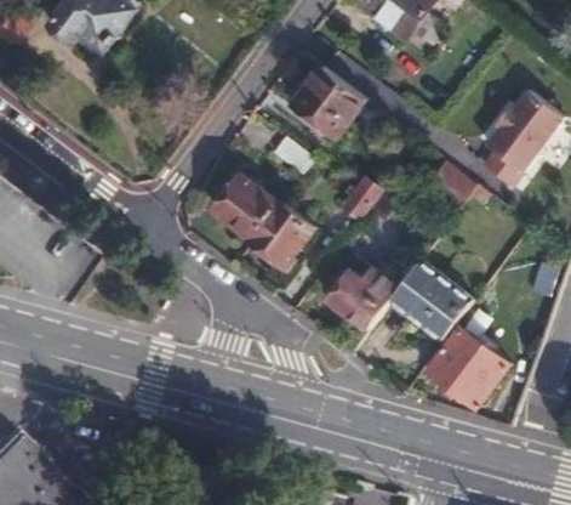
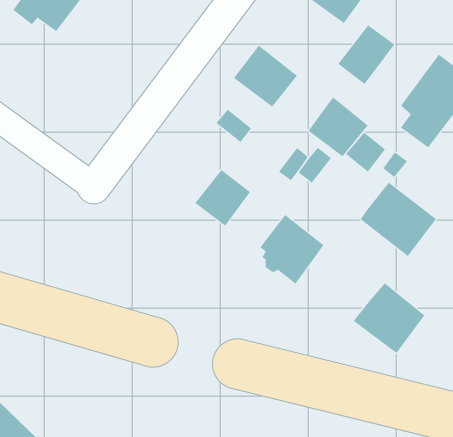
building: none -> [338,24,395,85]
building: none -> [308,97,368,157]
building: [215,176,280,240] -> none
building: [387,259,472,341] -> [360,182,437,257]

